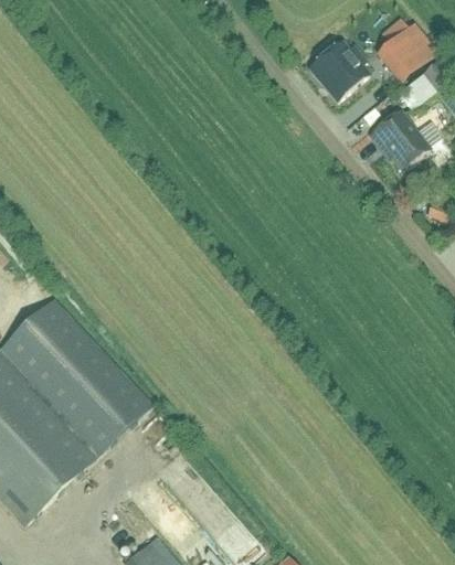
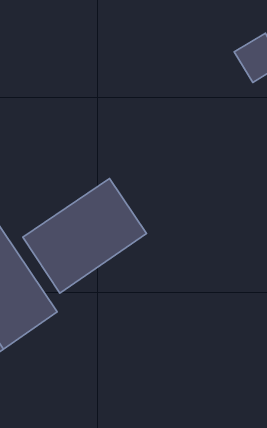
building: none -> [23,179,147,293]

